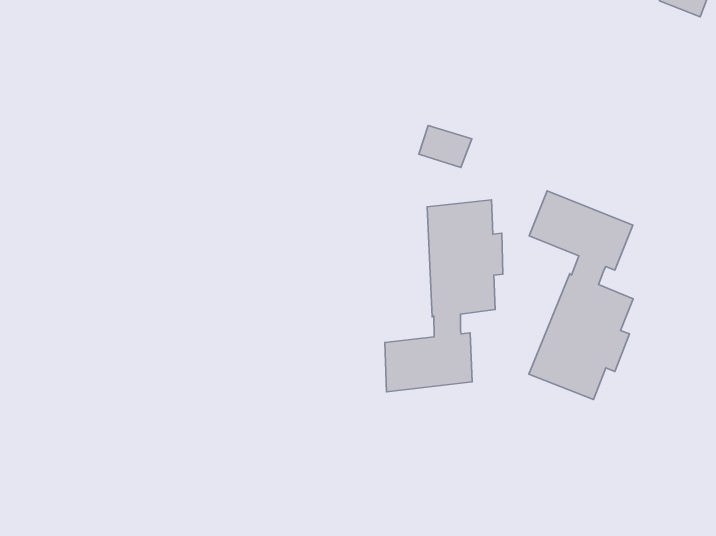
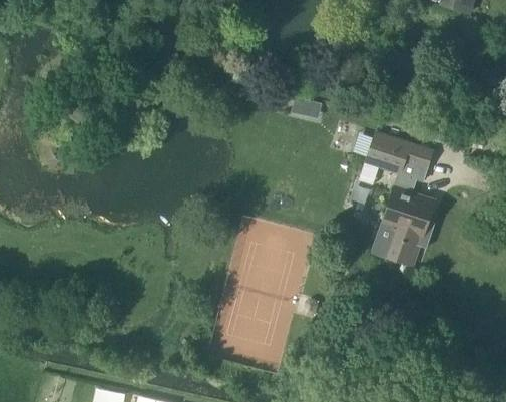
building: [385,200,503,392] -> none

